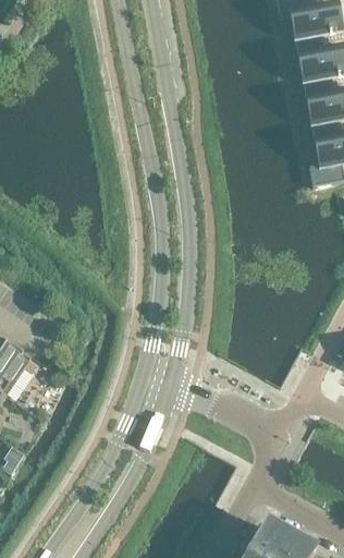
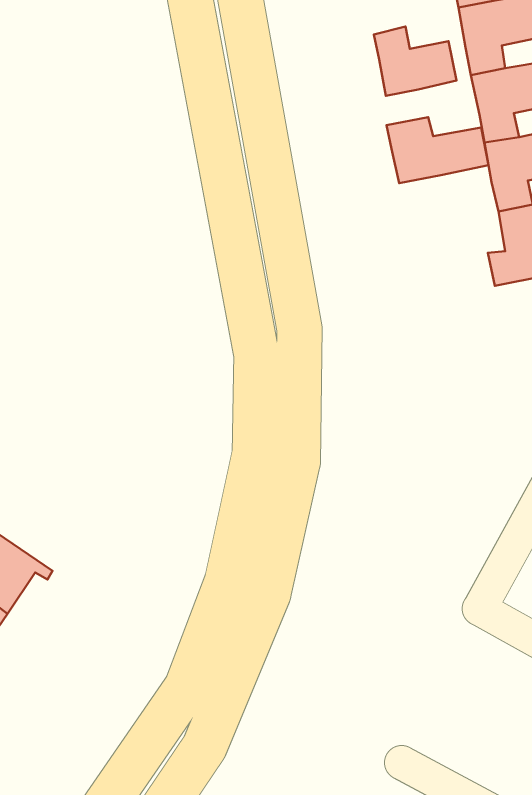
building: none -> [374,27,456,96]
building: none -> [386,117,488,183]

